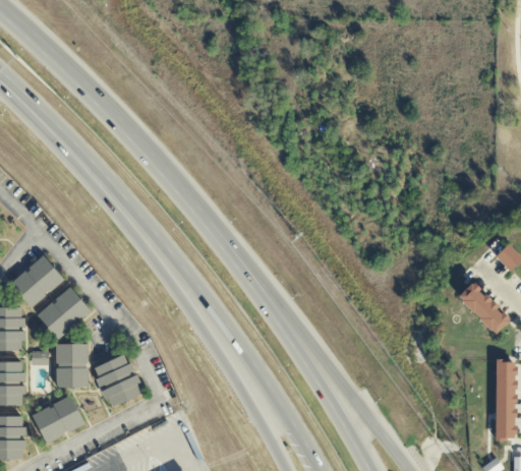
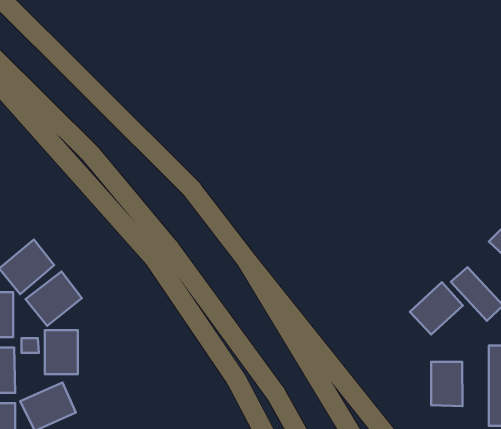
building: none -> [410,282,463,334]
building: [93,354,144,408] -> none
building: none -> [431,362,463,406]

